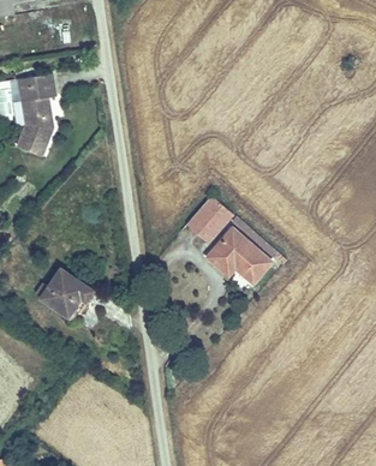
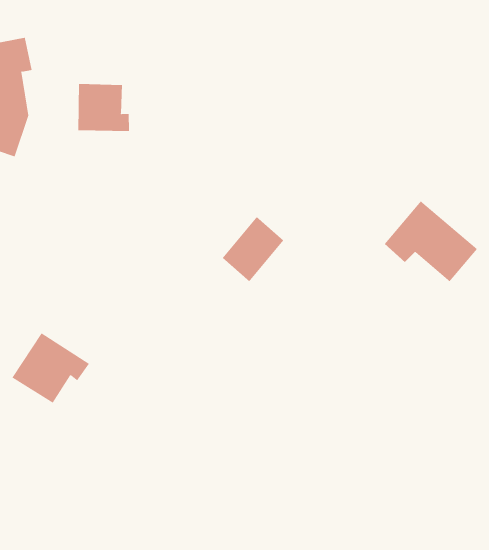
building: none -> [78,83,129,132]
building: [205,225,270,281] -> [384,200,478,282]

